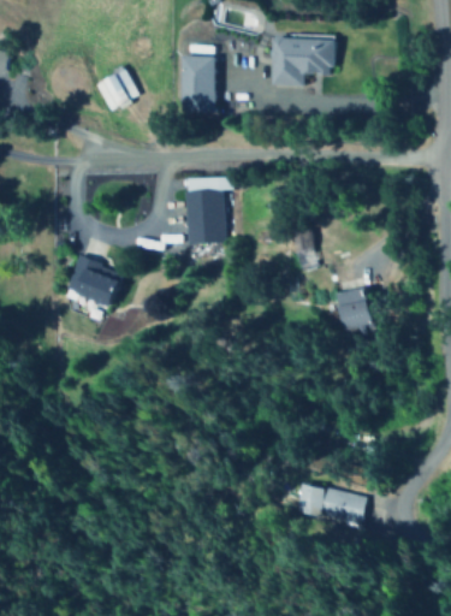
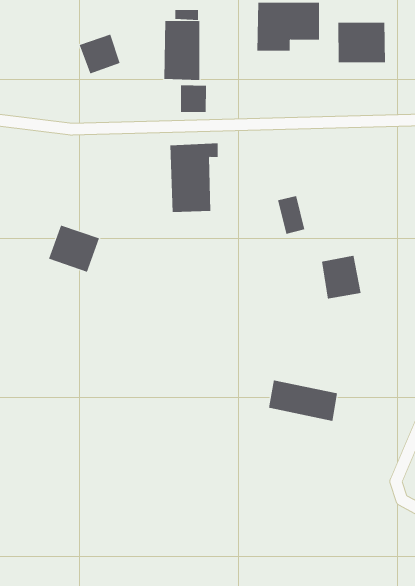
building: none -> [338,22,385,63]
building: none -> [180,84,206,113]
building: [298,484,367,525] -> [268,380,338,421]

